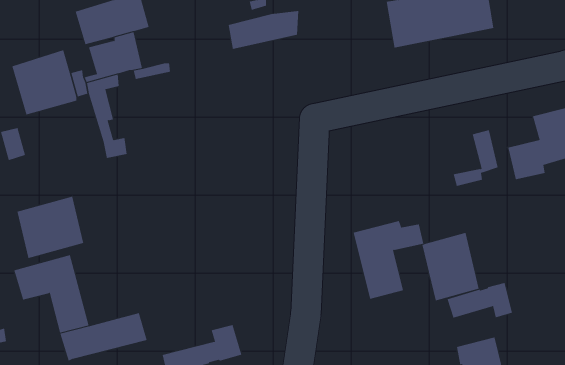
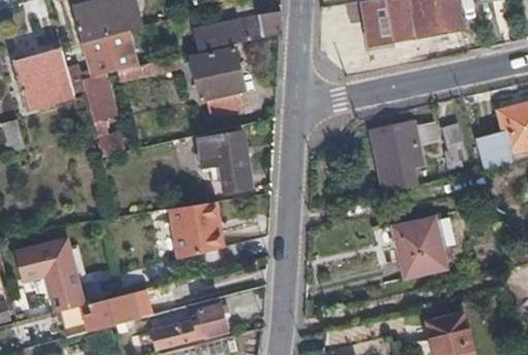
building: none -> [193,47,244,117]
building: none -> [198,131,251,191]
building: [17,196,84,259] -> none
building: none -> [165,202,221,258]
building: [353,220,424,299] -> [371,118,437,191]
building: [447,282,513,319] -> none

